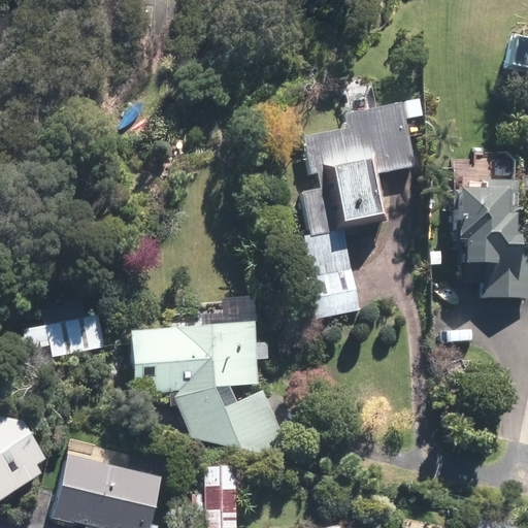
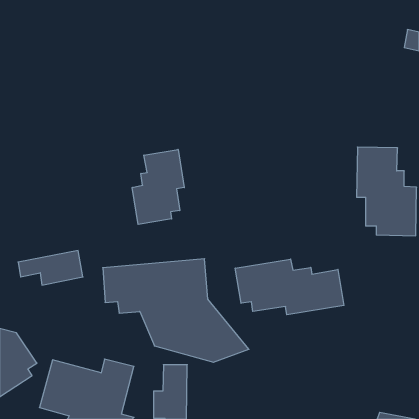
building: [301,102,418,316] -> none
building: none -> [132,149,184,224]
building: none -> [235,259,344,315]

